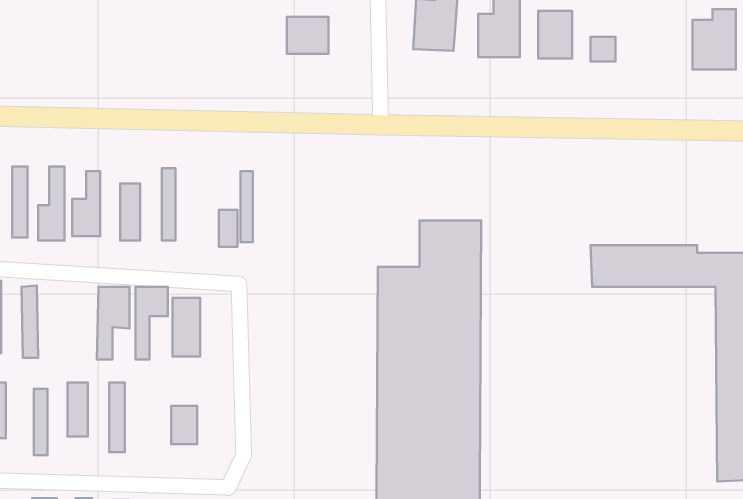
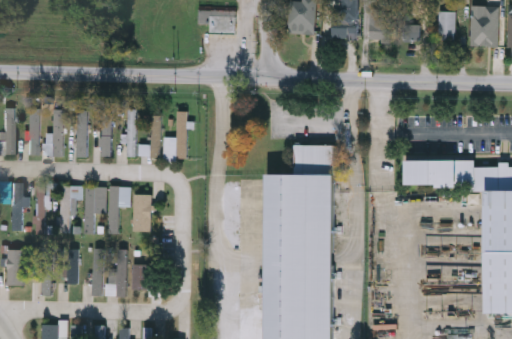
building: none -> [439,12,455,41]
building: none -> [59,186,81,232]
building: none -> [110,249,126,295]

